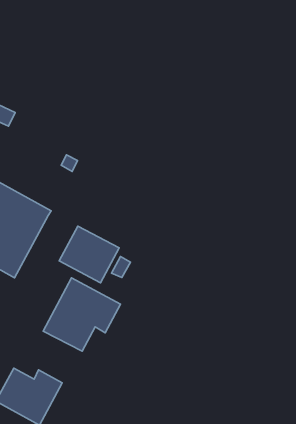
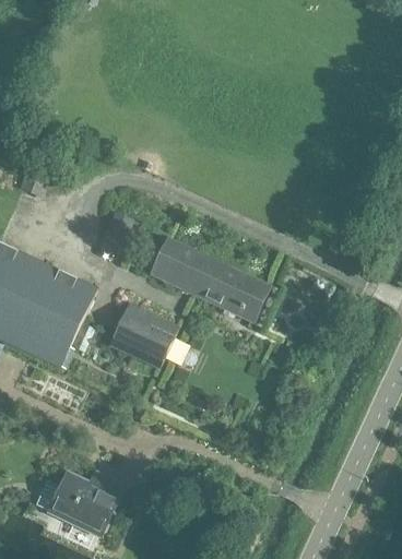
building: none -> [150,238,269,320]
building: [43,278,120,351] -> none

